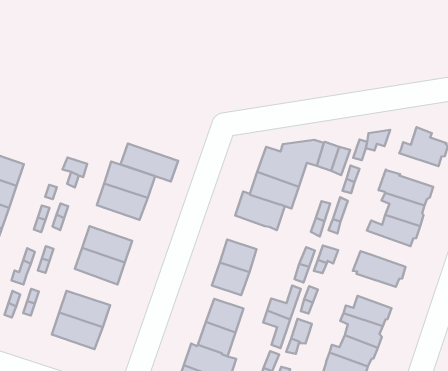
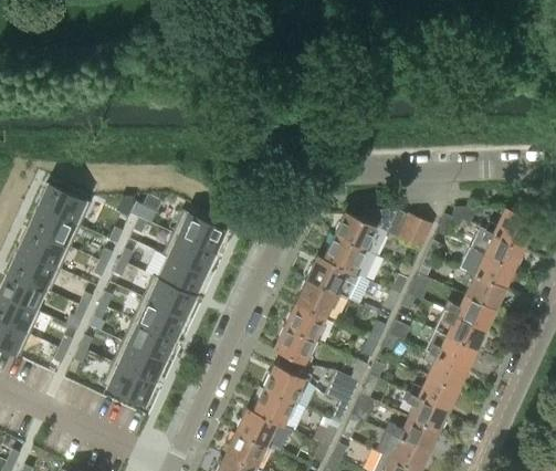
building: [121,144,178,181] -> [145,252,206,296]
building: none -> [470,227,524,272]
building: none -> [295,281,336,318]
building: none -> [433,311,486,353]
building: none -> [122,320,176,362]
building: none -> [423,355,466,395]

